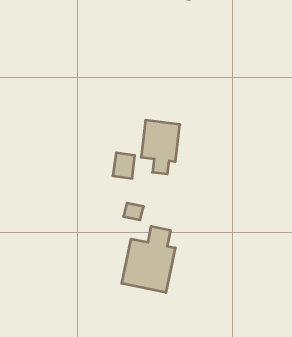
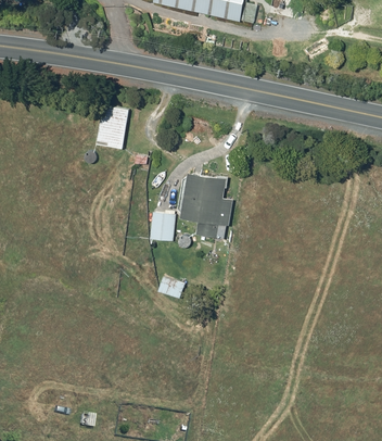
building: none -> [98,104,128,144]
building: [122,226,175,293] -> none

